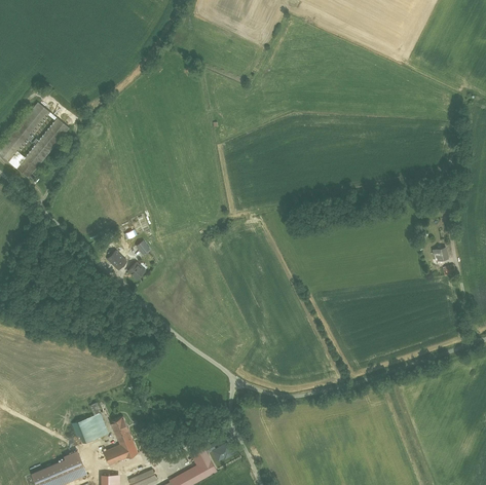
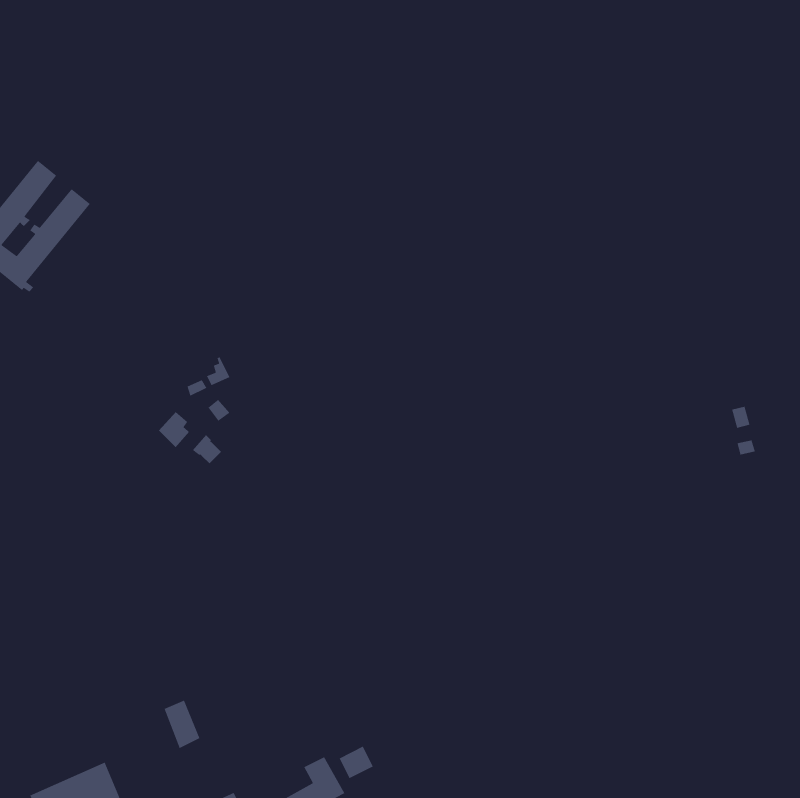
building: [72,414,105,444] -> none
building: [104,439,139,465] -> none

